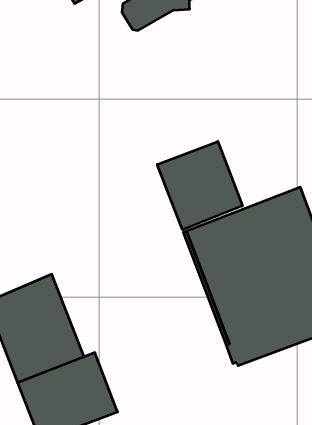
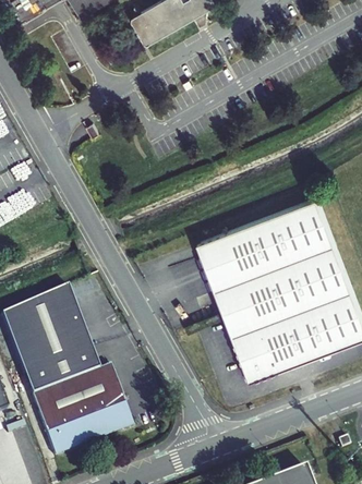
building: [157,141,242,230] -> none

